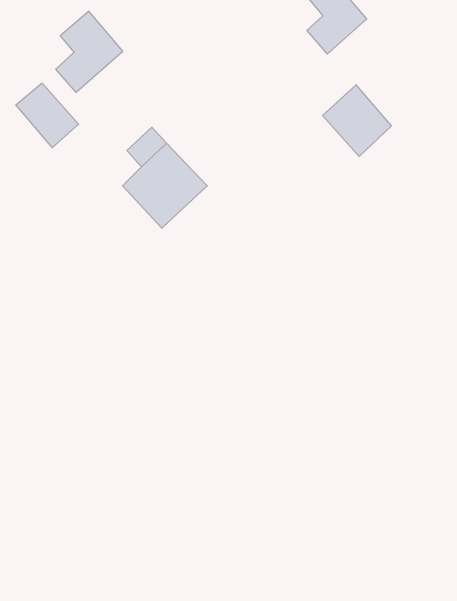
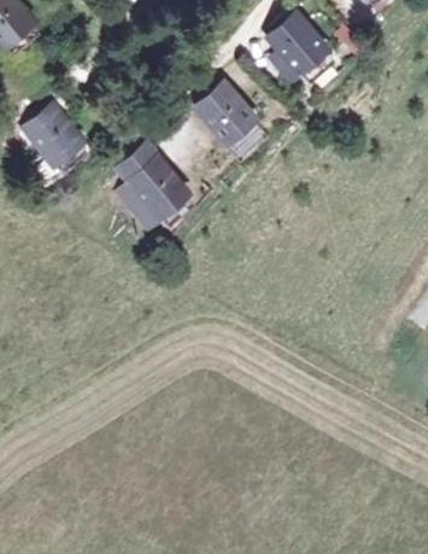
building: [56,11,123,93] -> none
building: [323,85,391,156] -> [200,81,257,140]

